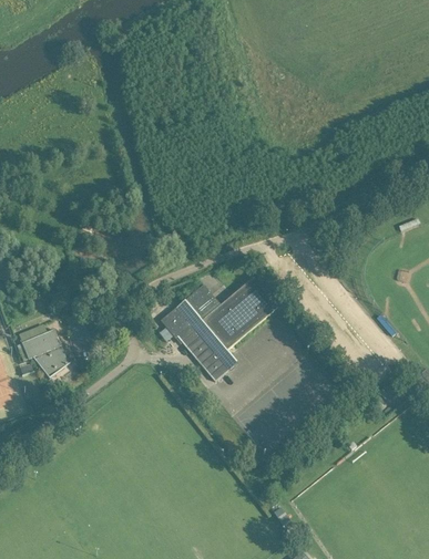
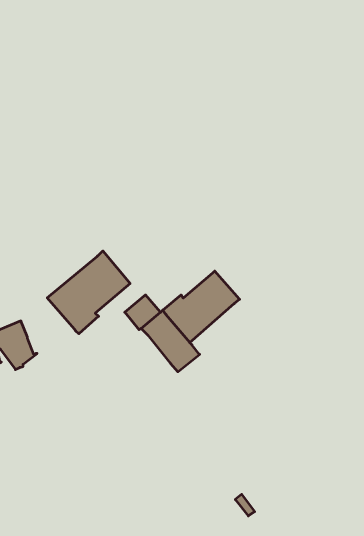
building: none -> [47,251,130,334]
building: [181,284,217,320] -> none

